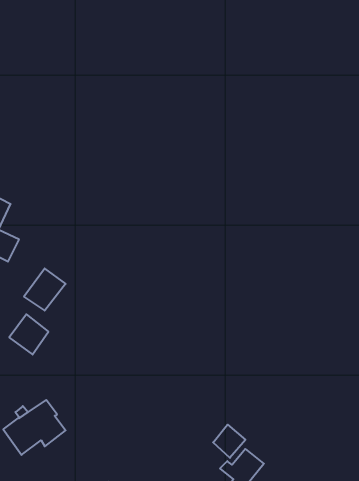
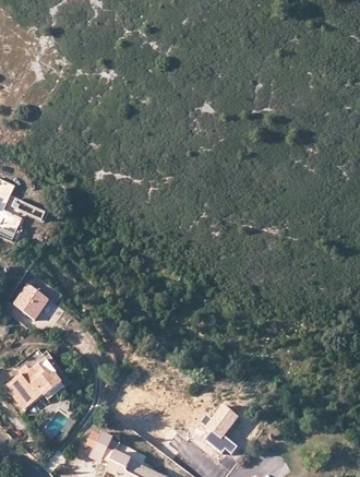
building: [24,268,66,311] -> none
building: [213,425,245,458] -> none

